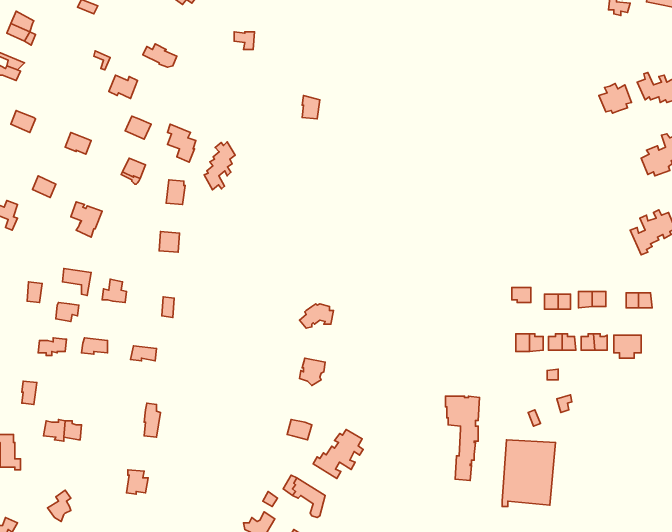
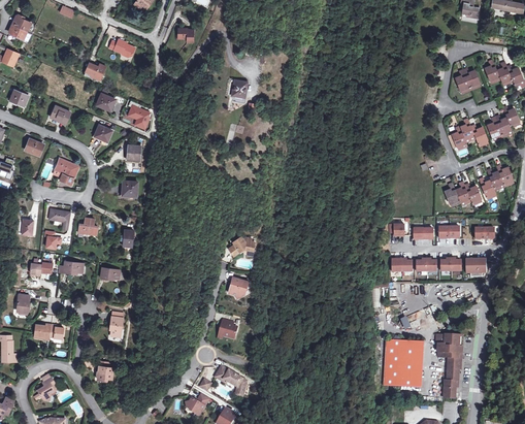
building: [204,142,235,190] -> none
building: none -> [451,119,487,148]
building: none -> [444,182,481,204]
building: [446,396,480,480] -> [436,334,462,398]
building: [313,430,363,478] -> none

